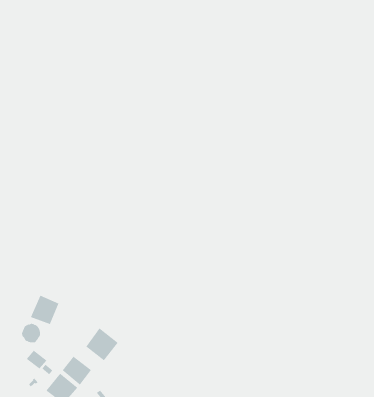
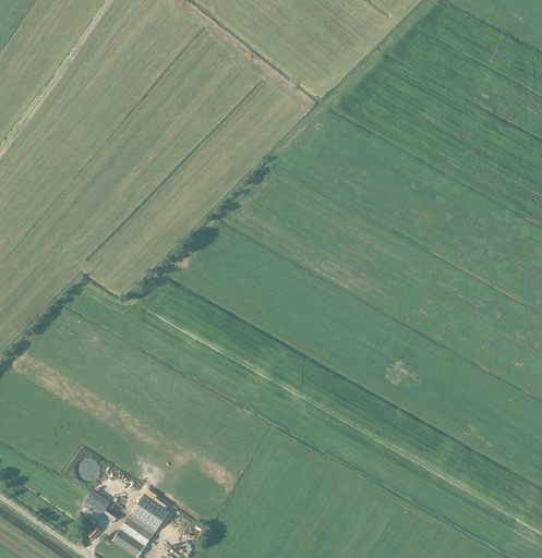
building: [30,295,59,325] -> none
building: [85,327,118,361] -> none

